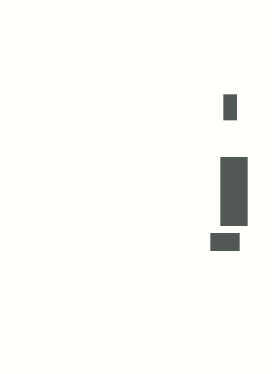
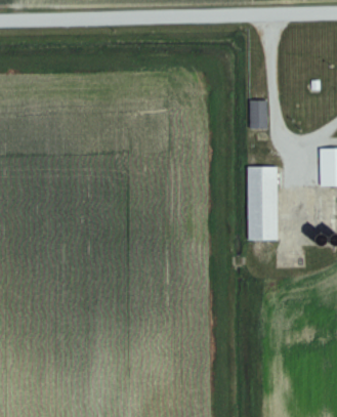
building: [210,232,240,252] -> none

